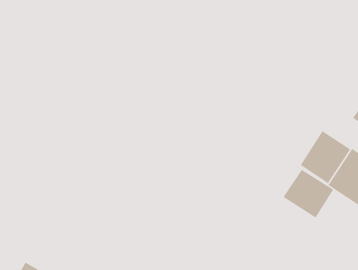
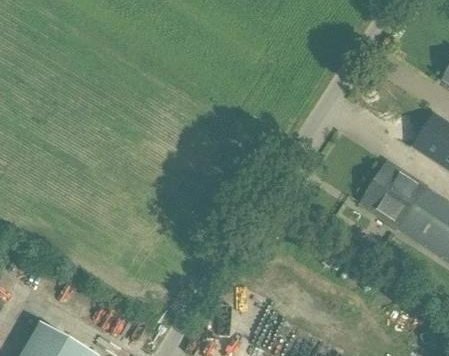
building: [283,169,334,219] -> none

